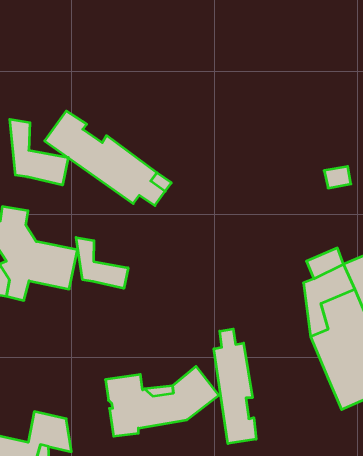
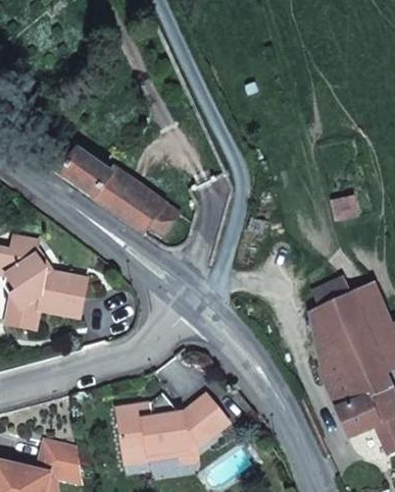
building: [10,119,68,185] -> none
building: [76,237,128,288] -> none
building: [214,329,256,444] -> none

